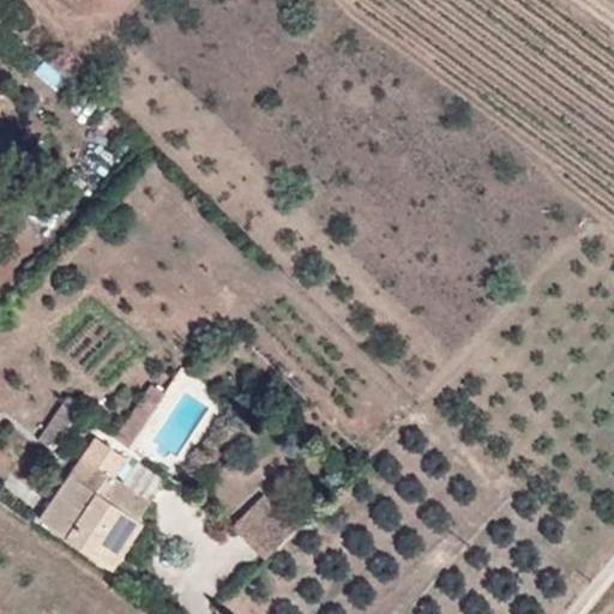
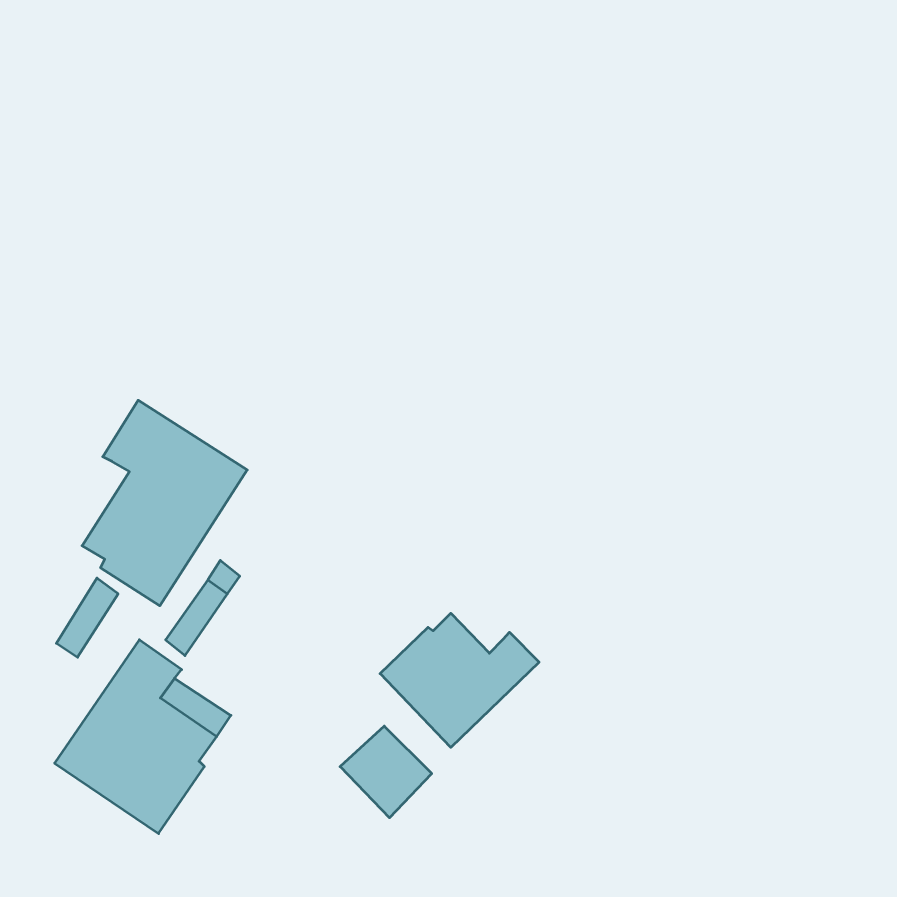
building: none -> [82,400,247,606]
building: none -> [380,613,539,747]

